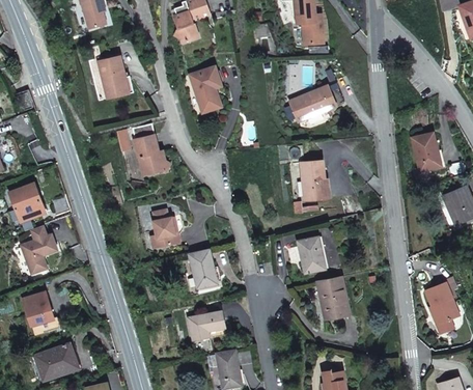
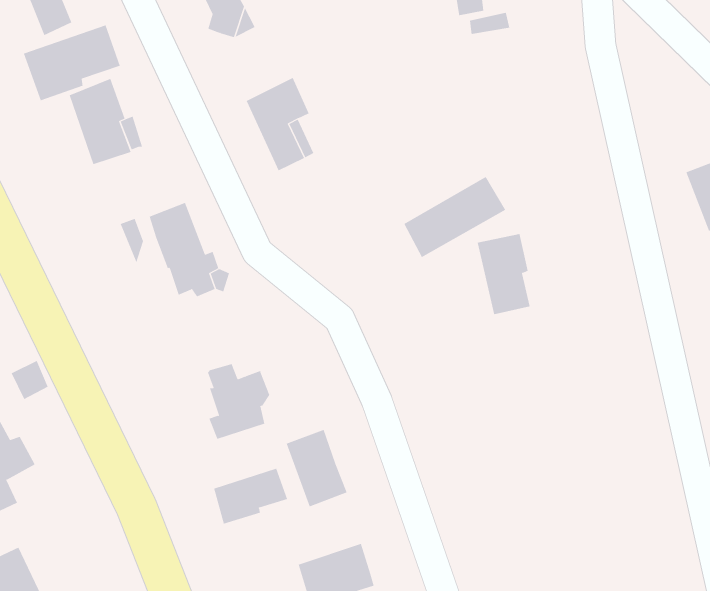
building: none -> [23,24,120,101]
building: [290,81,344,119] -> [403,176,506,258]
building: [298,236,326,273] -> none
building: none -> [214,468,288,525]
building: [316,276,351,318] -> none

